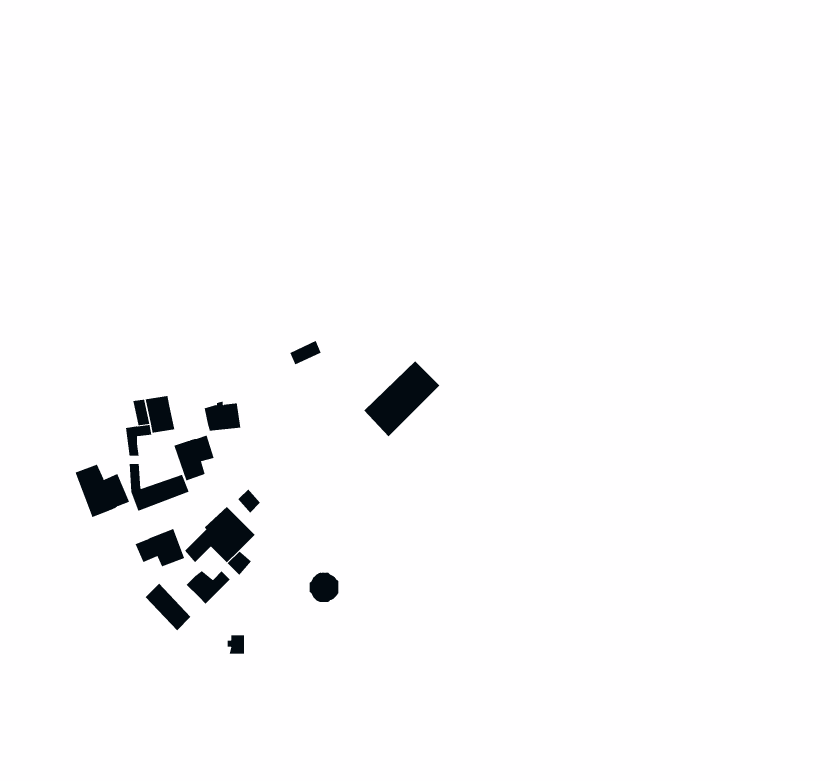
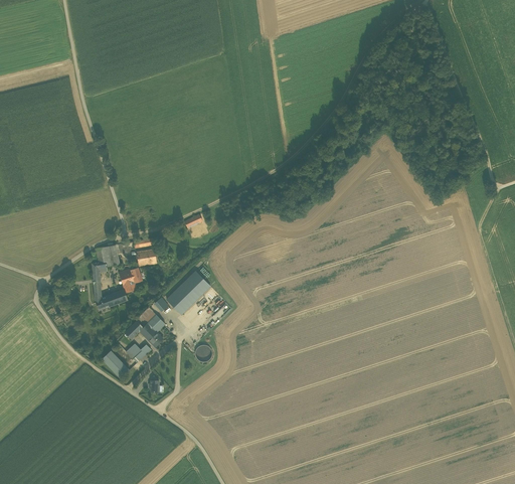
building: [364,360,440,437] -> [167,271,210,314]
building: [75,464,130,518] -> none
building: [135,528,185,567] -> none

